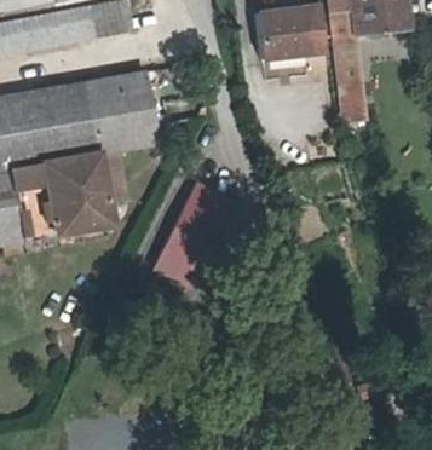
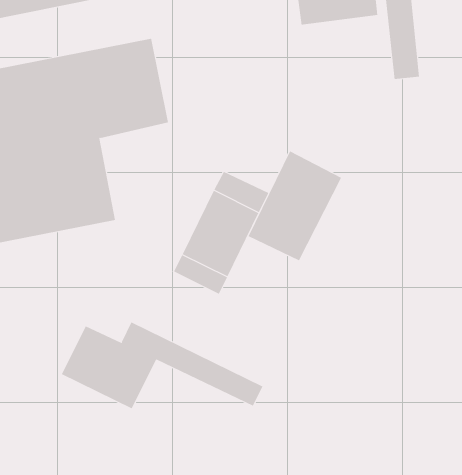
building: none -> [248,151,342,261]
building: none -> [61,322,263,409]

